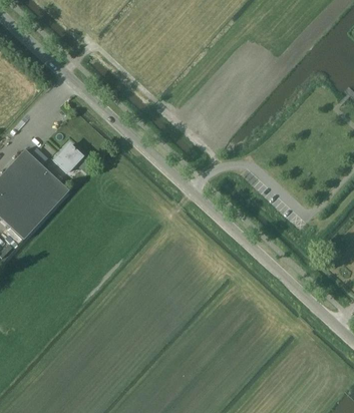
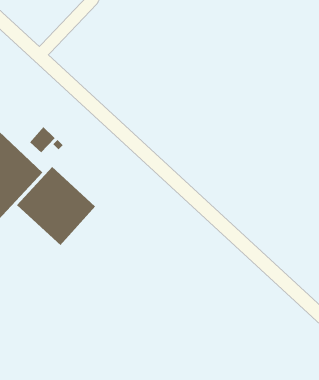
building: none -> [16,166,96,246]

